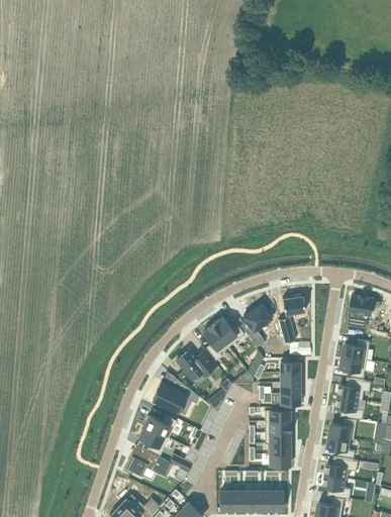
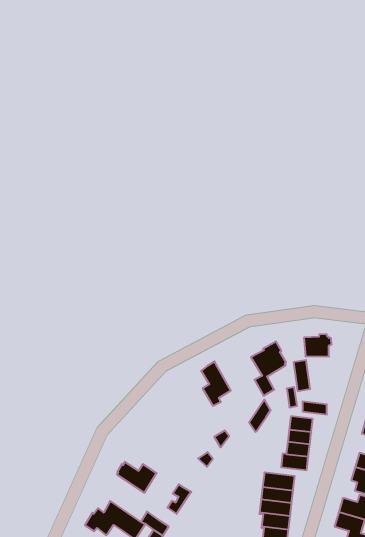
building: [212,319,243,347] -> none
building: [175,350,213,381] -> none
building: [151,378,193,412] -> none
building: [137,427,168,456] -> none

